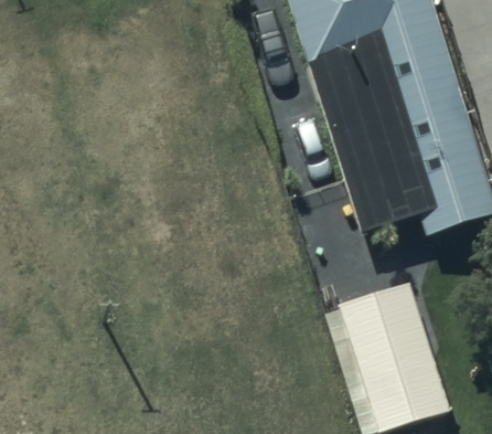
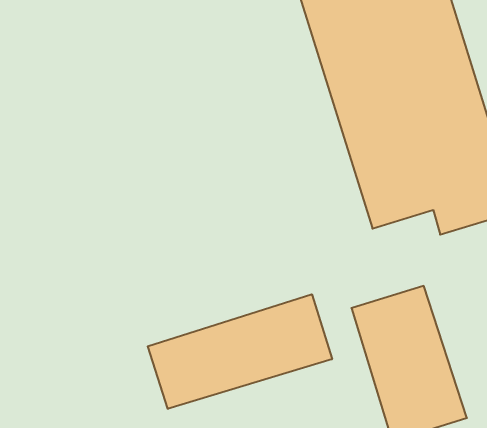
building: none -> [148,294,332,409]

